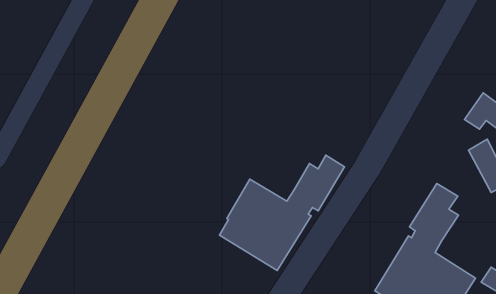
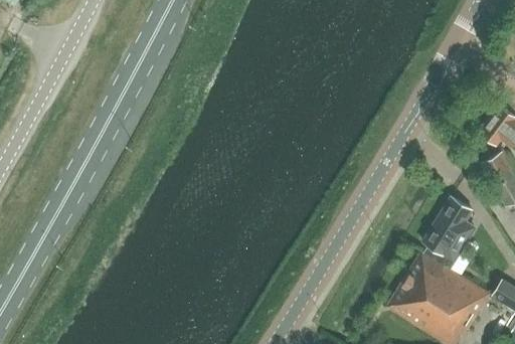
building: [220,155,344,270] -> none

